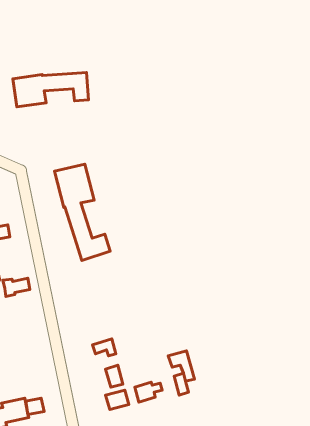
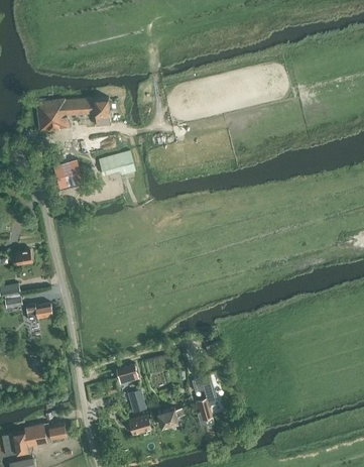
building: none -> [97,150,134,176]
building: none -> [56,161,88,191]
building: [54,164,110,260] -> none

